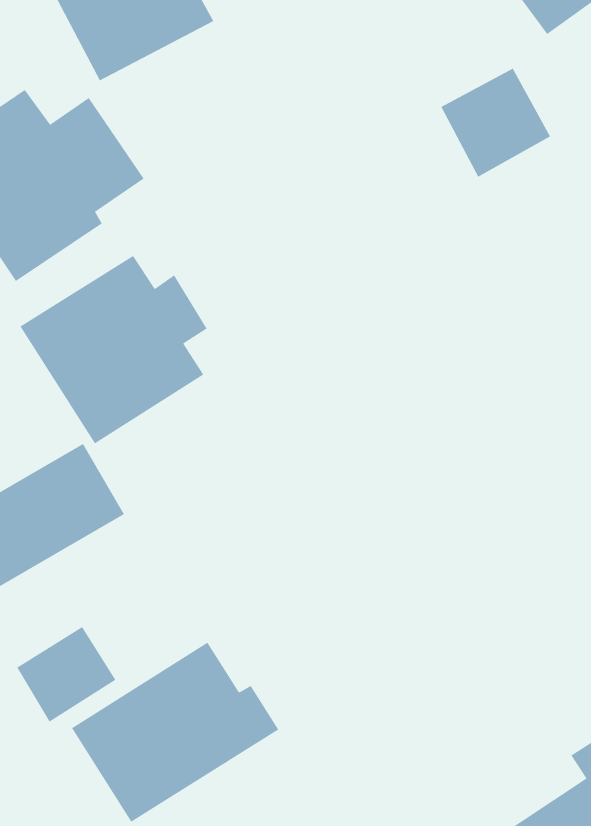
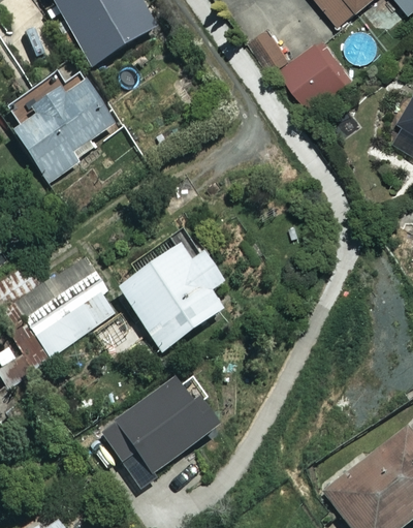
building: [20,255,207,444] -> [116,244,221,351]
building: [17,626,116,722] -> none

